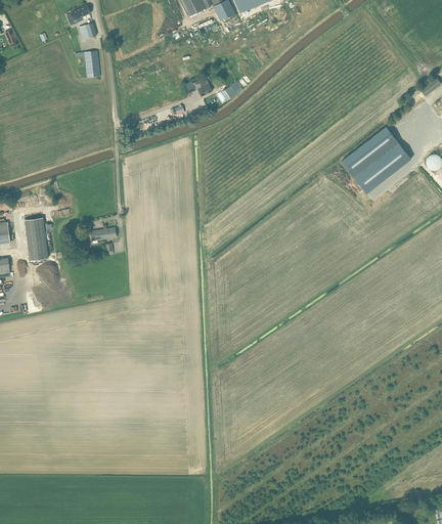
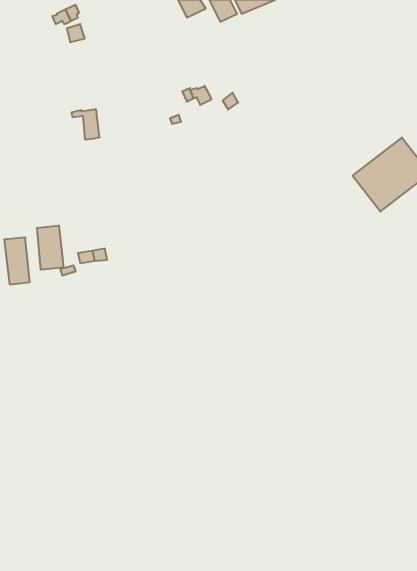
building: [75,50,100,78] -> [71,109,100,139]
building: none -> [37,225,64,270]

